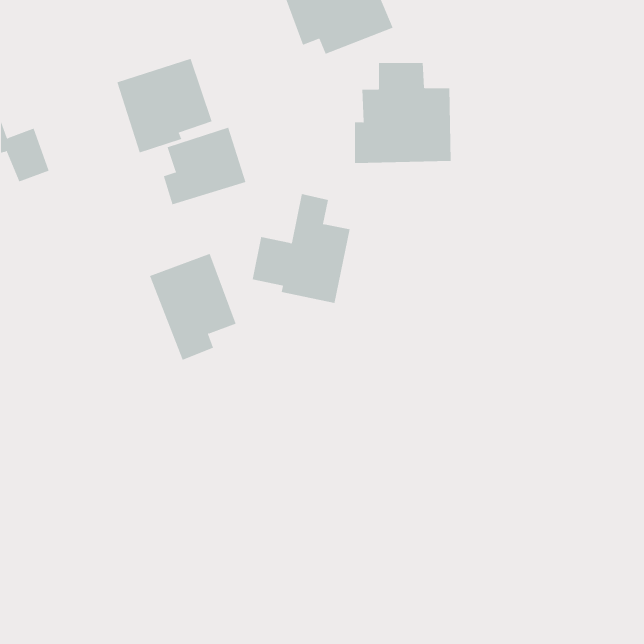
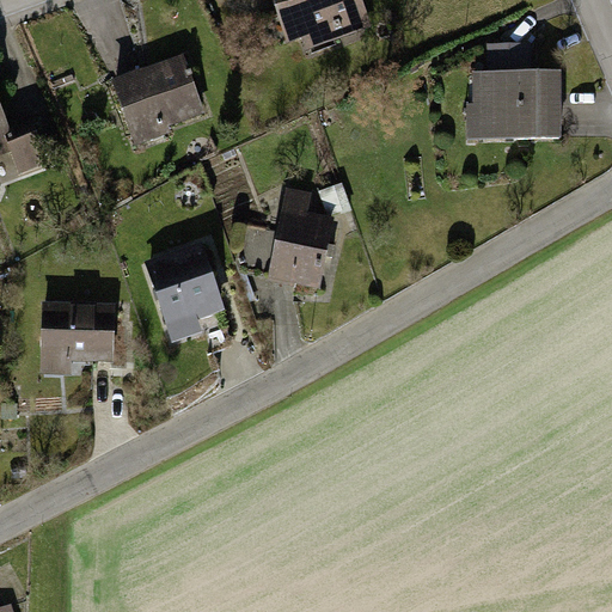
building: [354,62,451,164] -> [467,44,559,140]
building: [163,127,246,205] -> none
building: none -> [39,300,115,373]

